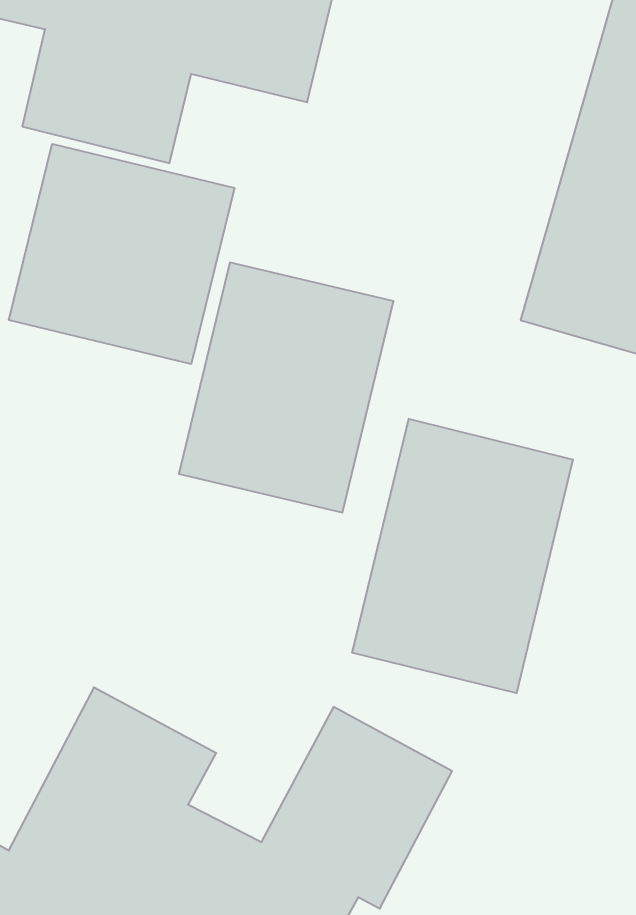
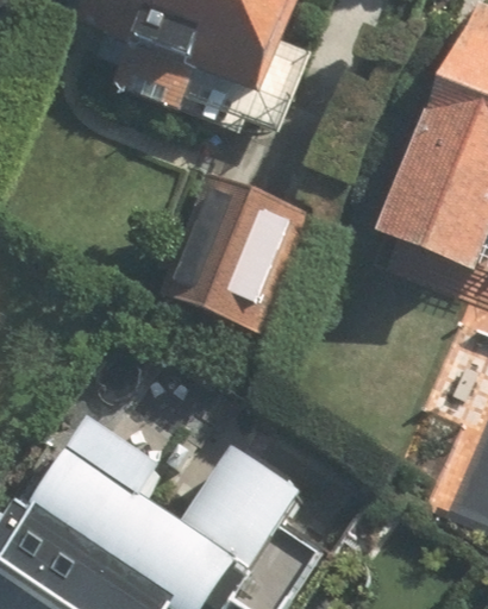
building: [9,144,234,364] -> none
building: [352,419,573,693] -> none

